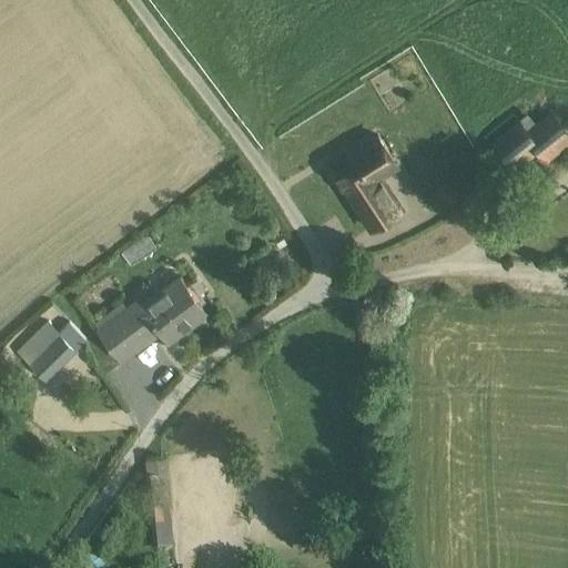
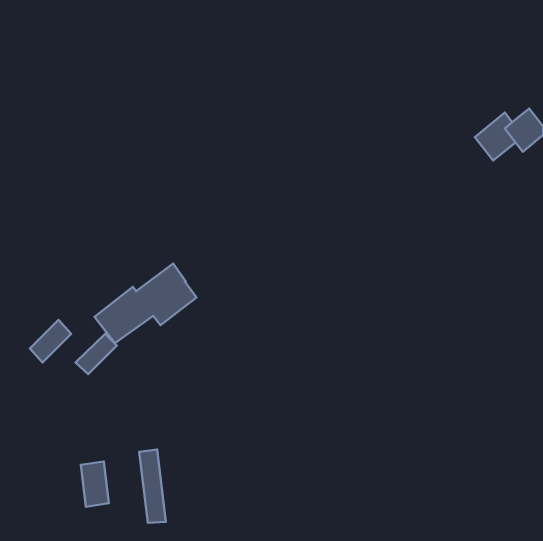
building: [328,138,402,231] -> none
building: [18,324,61,366] -> [75,334,117,374]
building: none -> [81,461,109,507]

